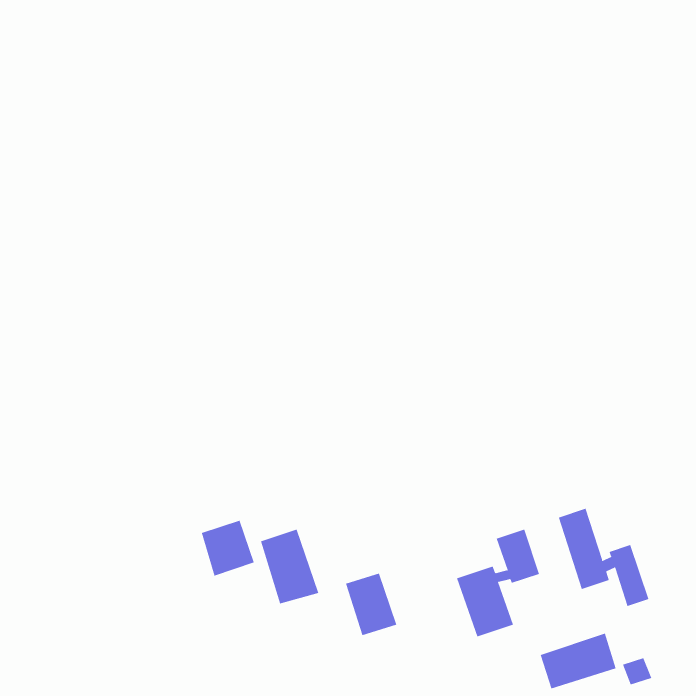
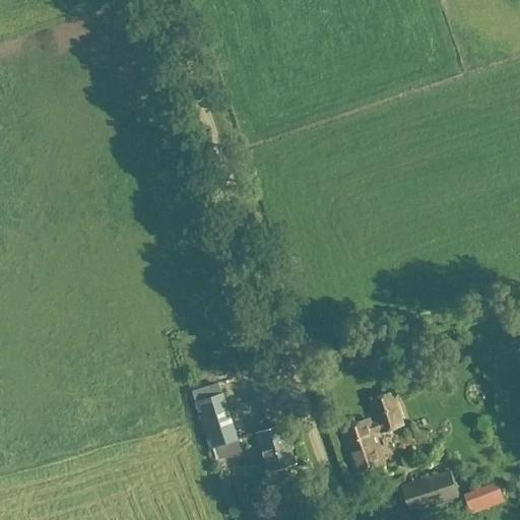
building: [558,508,649,607] -> none
building: [201,520,254,577] -> none

